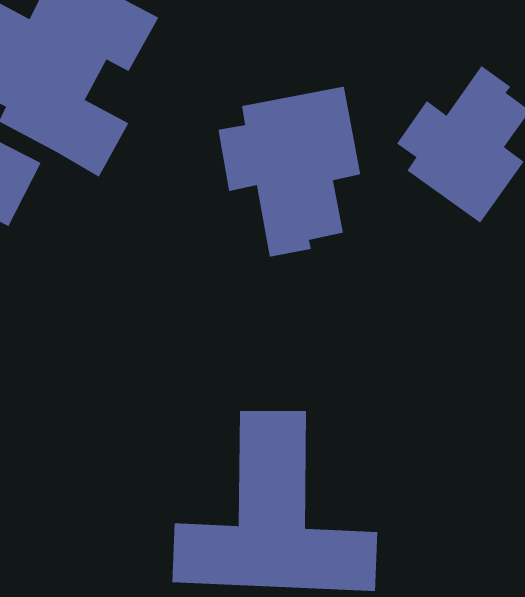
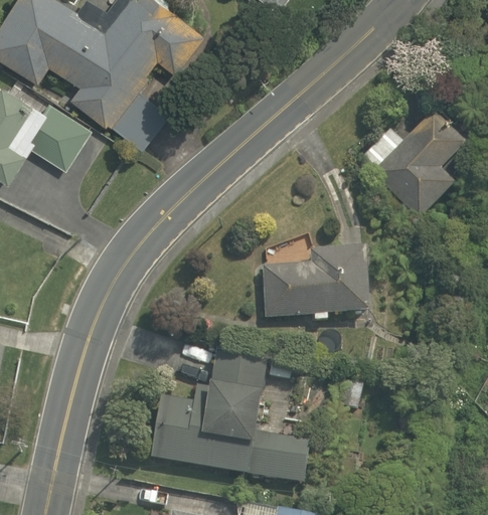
building: [218,86,361,257] -> none
building: none -> [254,242,369,316]

